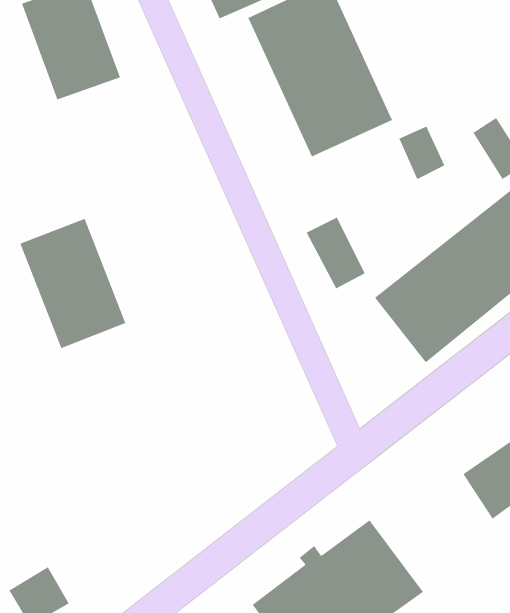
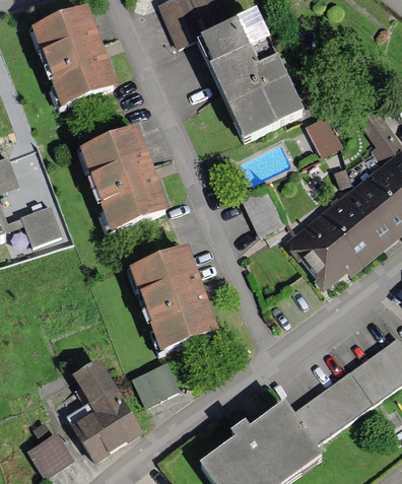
building: [20,218,126,349] -> [83,135,159,228]
building: none -> [136,257,211,348]
building: none -> [131,364,176,405]
building: none -> [76,366,137,458]
building: none -> [297,367,374,439]

